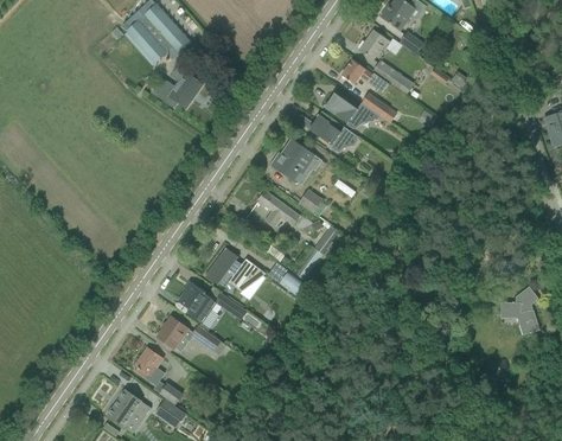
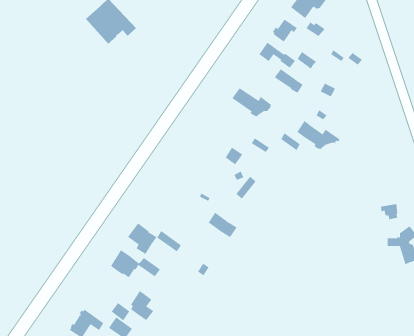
building: [152,66,203,108] -> none
building: [325,92,379,129] -> [296,120,340,150]
building: [272,140,321,186] -> none
building: [258,191,300,228] -> none
building: [204,248,266,292] -> none
building: [135,347,165,385] -> [130,290,154,321]

